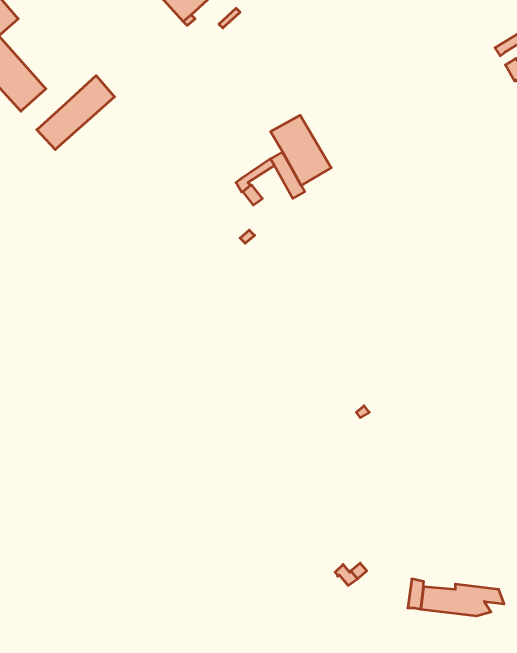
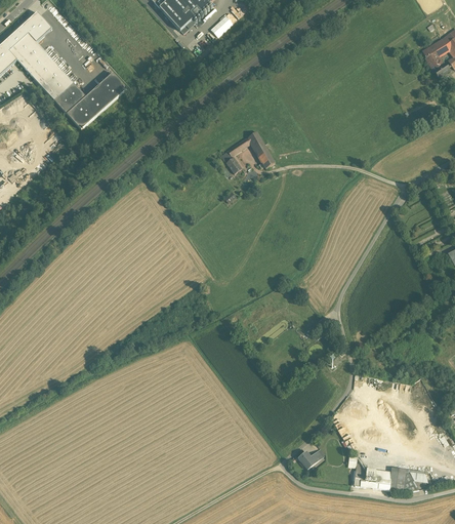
building: none -> [53,82,85,114]
building: [271,115,331,185] -> none

